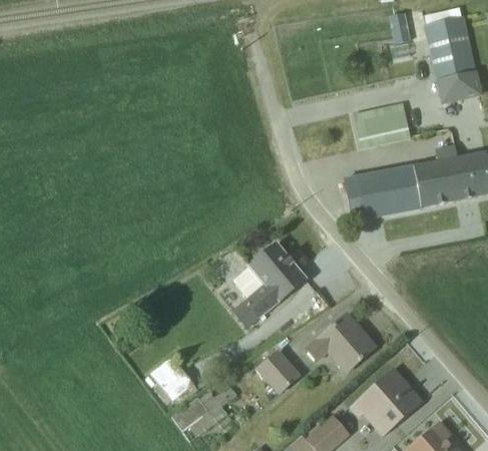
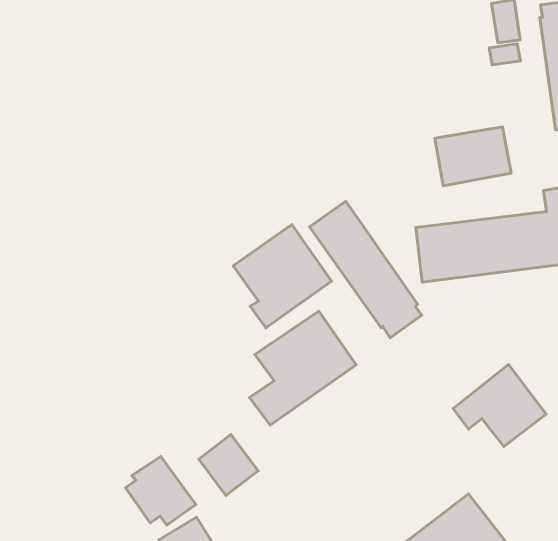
building: none -> [310,201,422,338]
building: none -> [233,224,332,328]
building: [307,313,374,372] -> [453,364,546,446]
building: [258,350,301,394] -> [199,434,258,495]

